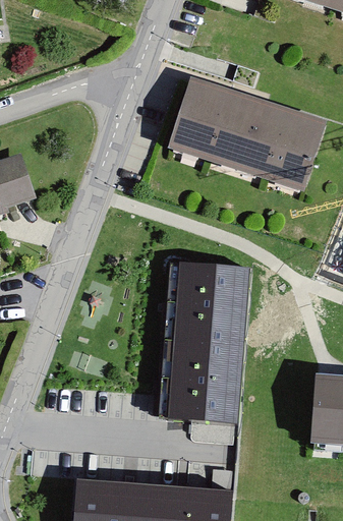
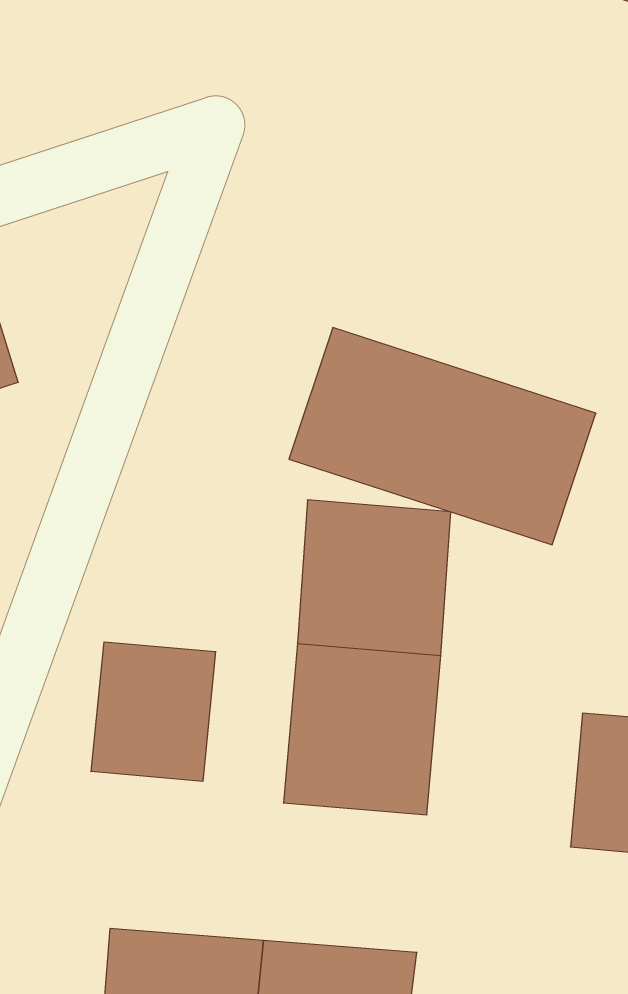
building: [170,76,327,187] -> [289,328,596,545]
building: none -> [91,642,216,781]

